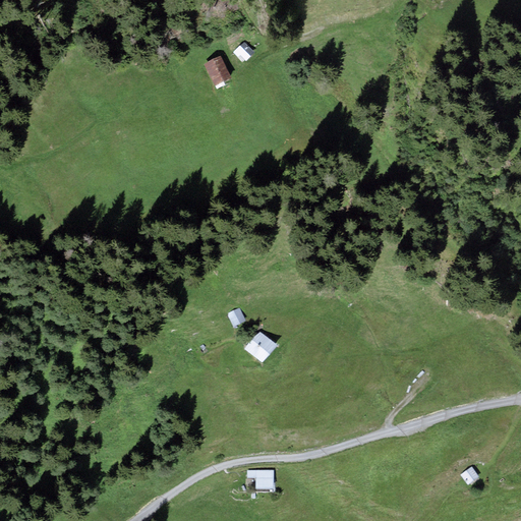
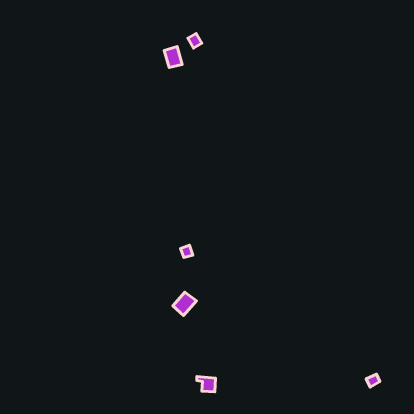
building: [243,331,273,360] -> [173,292,196,316]

